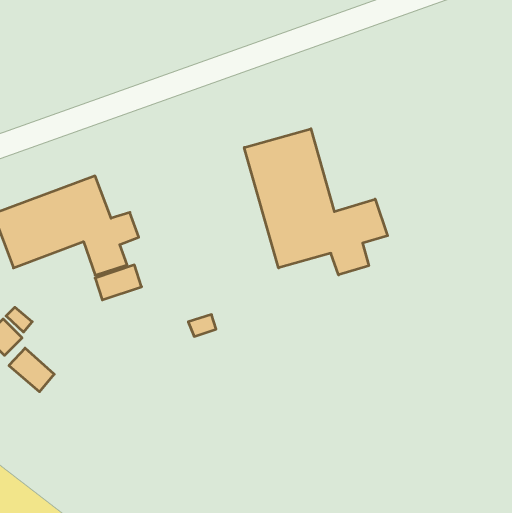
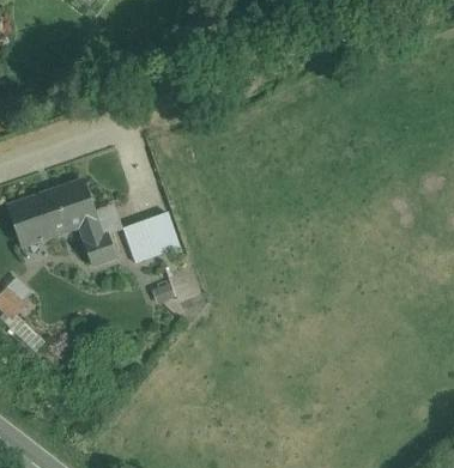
building: [244,129,388,275] -> none
building: none -> [122,218,182,267]

